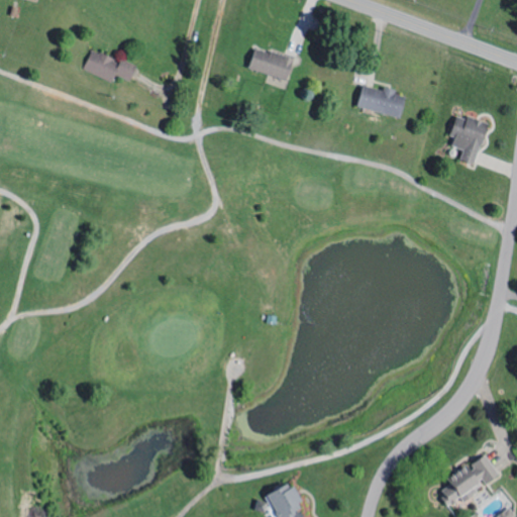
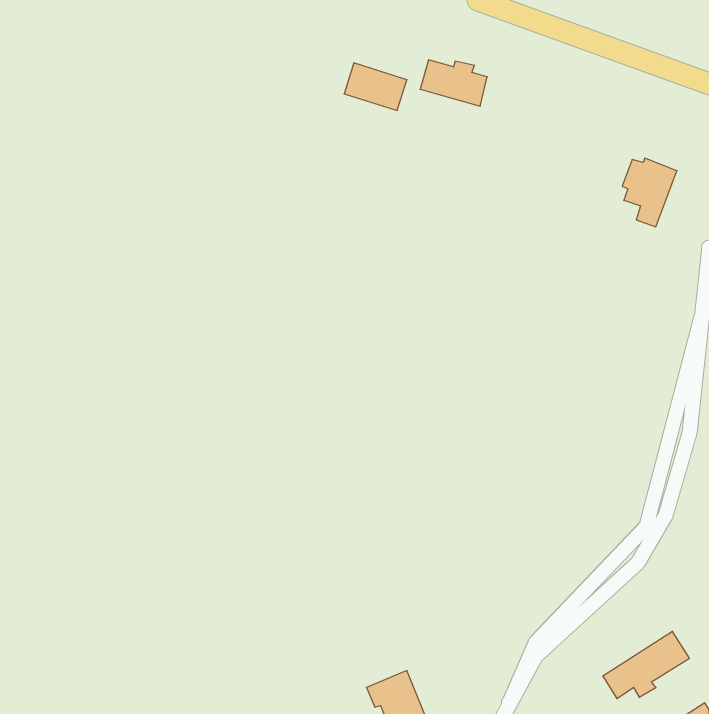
building: [82,48,135,83] -> none
building: [357,85,406,118] -> [420,60,487,106]

